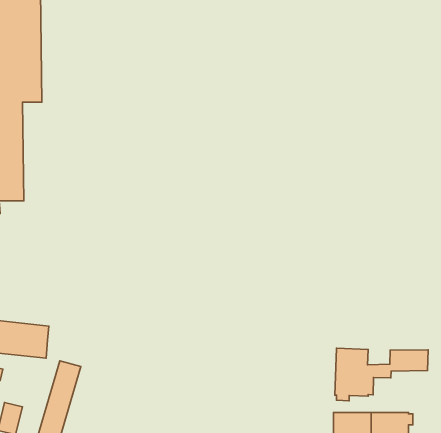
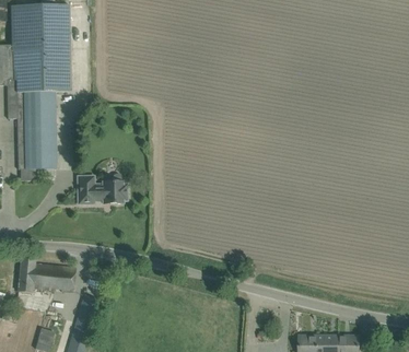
building: none -> [78,175,127,203]
building: [335,348,428,401] -> none

